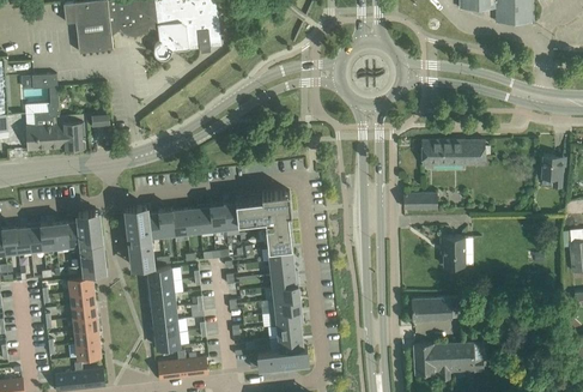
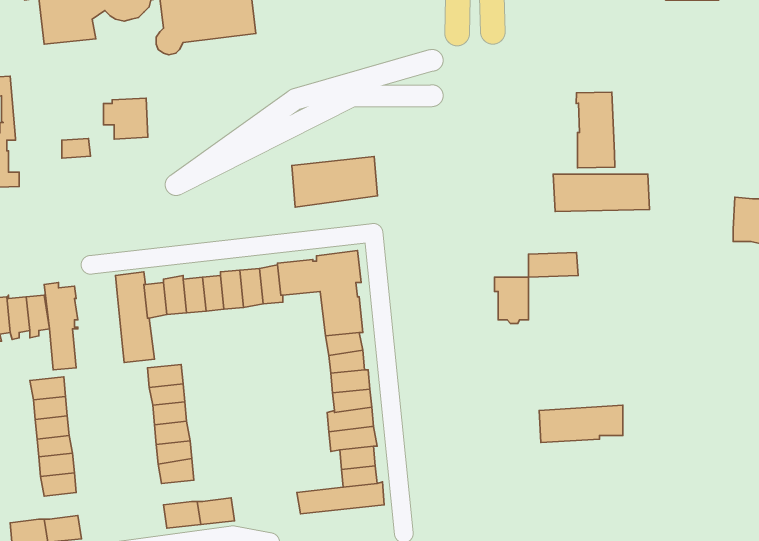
building: none -> [576,92,615,168]
building: [54,121,84,149] -> [103,98,148,139]
building: none -> [292,156,378,207]
building: [441,239,463,270] -> [495,277,528,323]
building: [413,342,485,380] -> none

